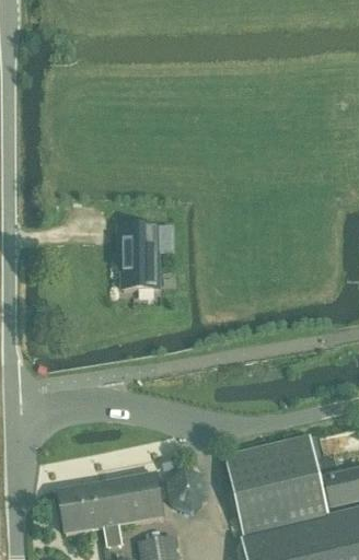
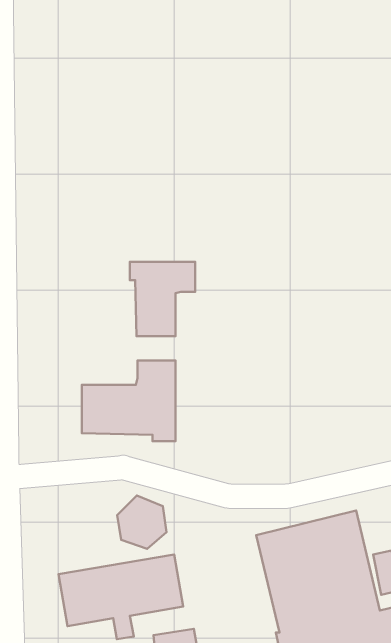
building: none -> [82,361,175,441]
building: [166,469,208,514] -> [117,496,167,549]

